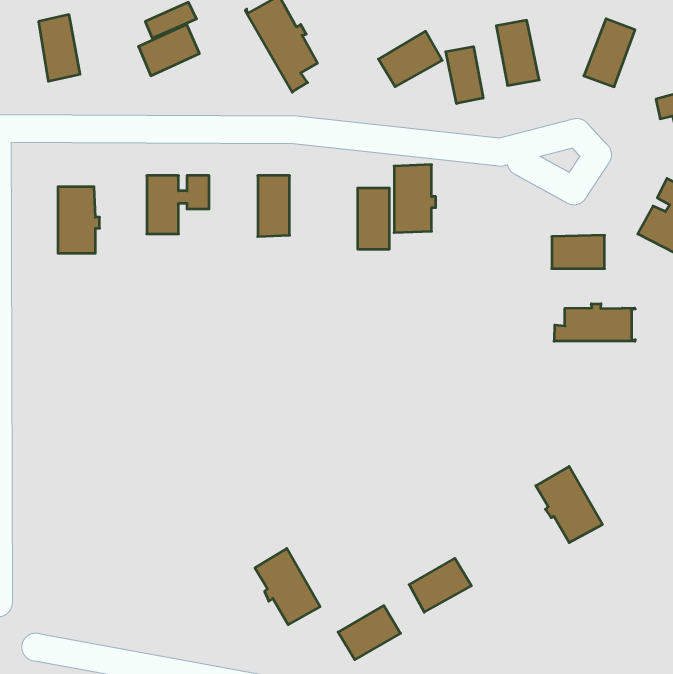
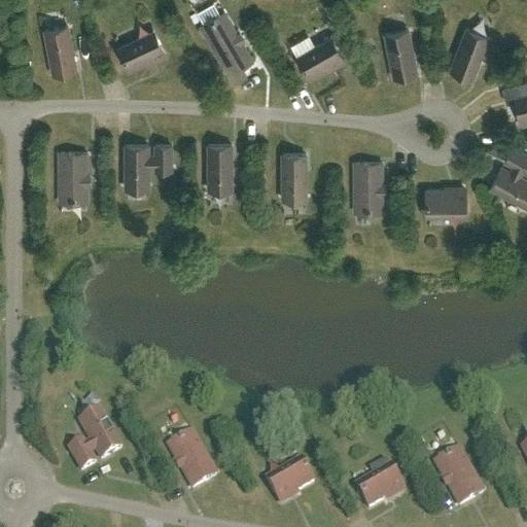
building: [446,47,483,104] -> none
building: [394,165,436,233] -> [354,162,385,212]
building: [554,304,635,341] -> none
building: [536,466,602,543] -> [434,450,484,506]
building: none -> [69,412,121,472]
building: [255,548,320,625] -> [168,432,216,489]
building: [409,558,471,612] -> [357,469,403,510]

